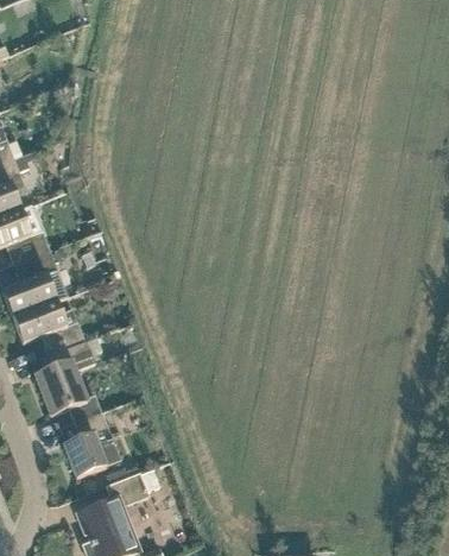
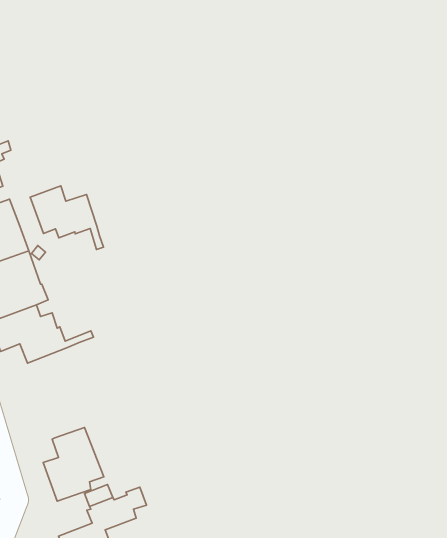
building: none -> [30,186,103,249]
building: [37,334,101,422] -> none

